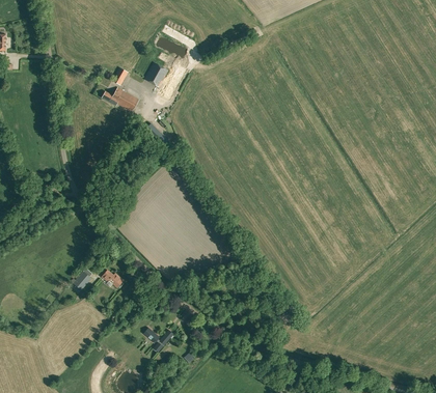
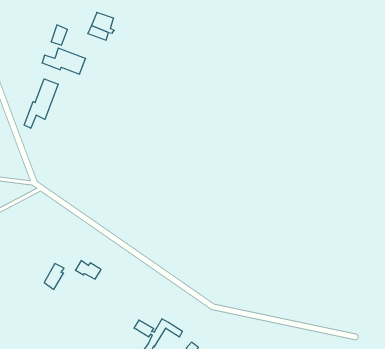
building: none -> [24,79,58,128]

